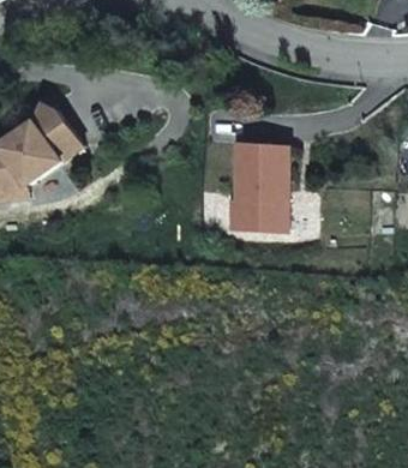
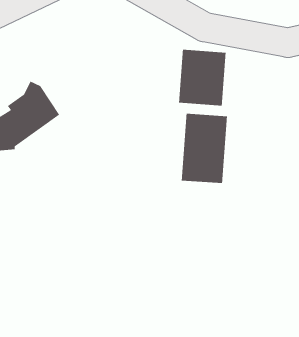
building: none -> [178,49,226,106]

